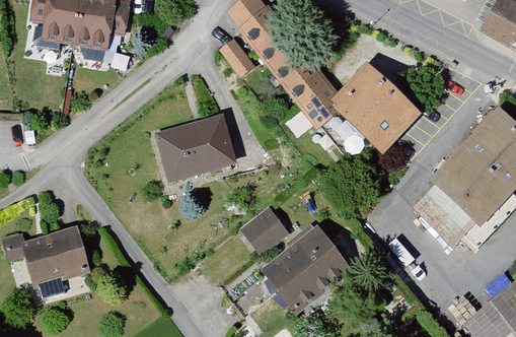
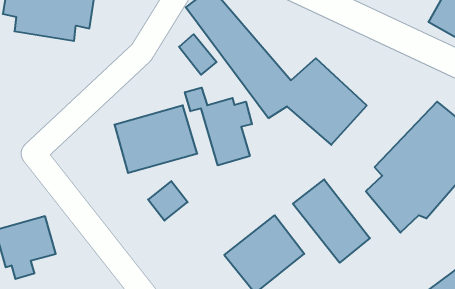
building: none -> [185,88,252,165]
building: none -> [293,179,370,263]
building: [246,209,288,251] -> [148,181,188,221]

